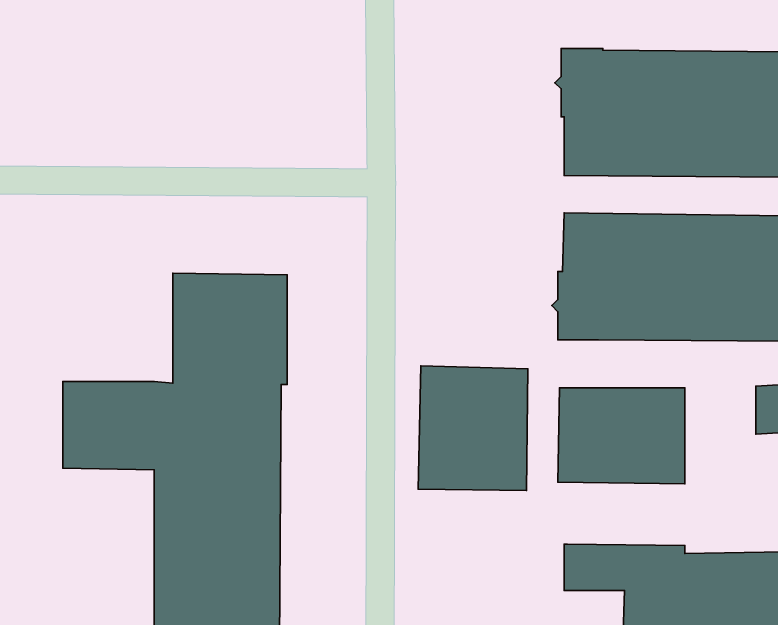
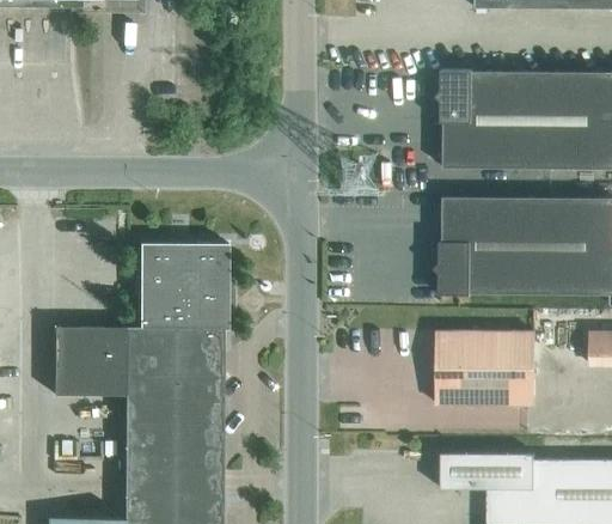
building: [418,366,528,490] -> none

